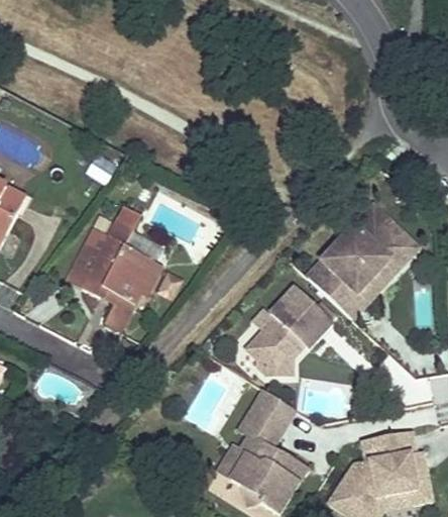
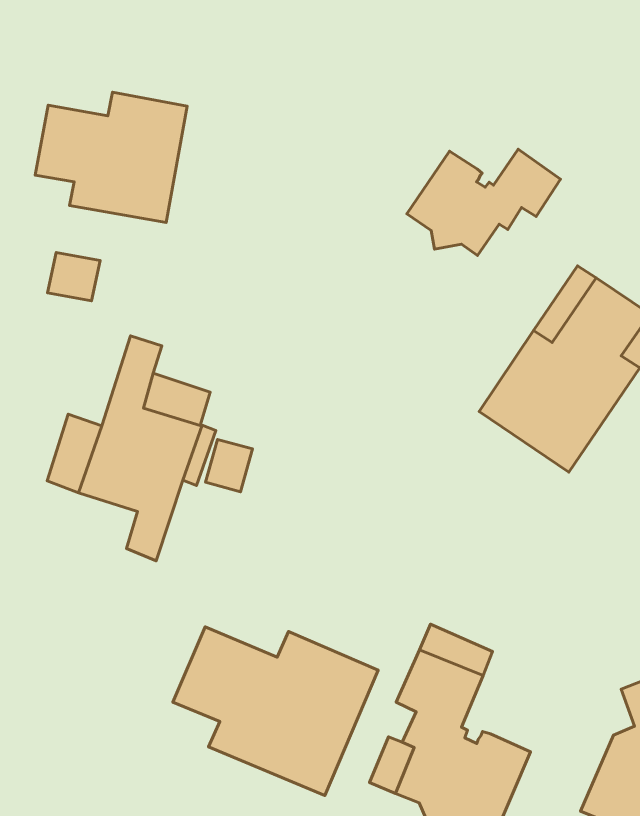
building: none -> [35,92,187,222]
building: none -> [407,149,560,256]
building: [245,285,332,373] -> none
building: none -> [173,627,378,796]

